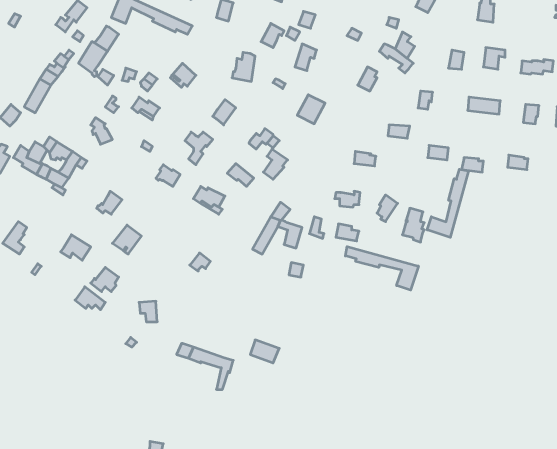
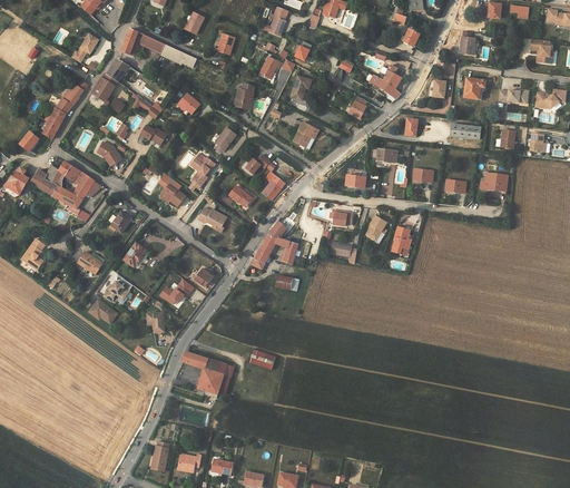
building: [427,169,468,237] -> none
building: [345,247,418,290] -> none
building: none -> [158,277,194,304]
building: none -> [196,368,223,394]

